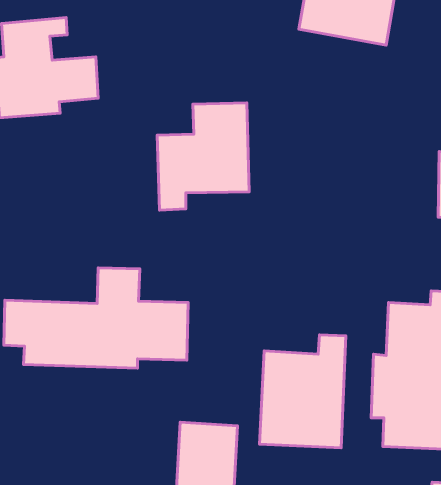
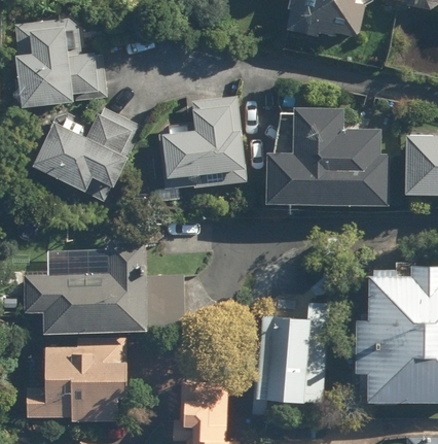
building: none -> [29,102,139,195]
building: none -> [260,105,390,208]
building: none -> [27,346,123,425]

